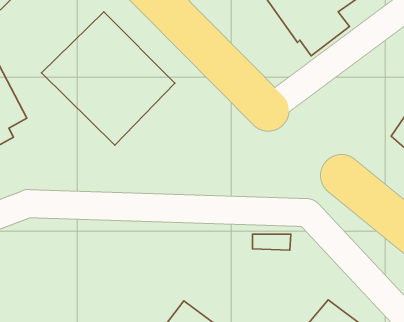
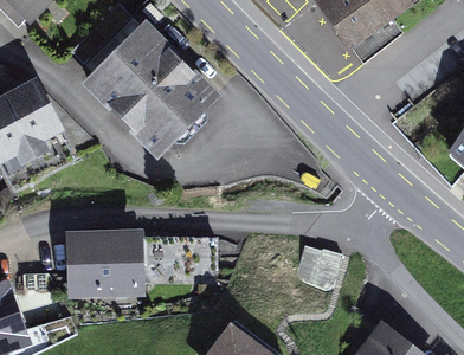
building: none -> [65,228,146,299]

